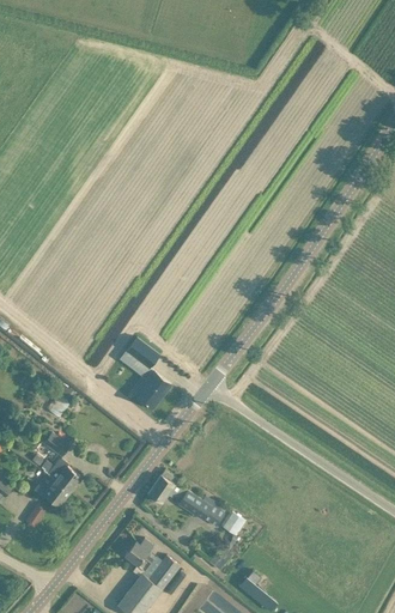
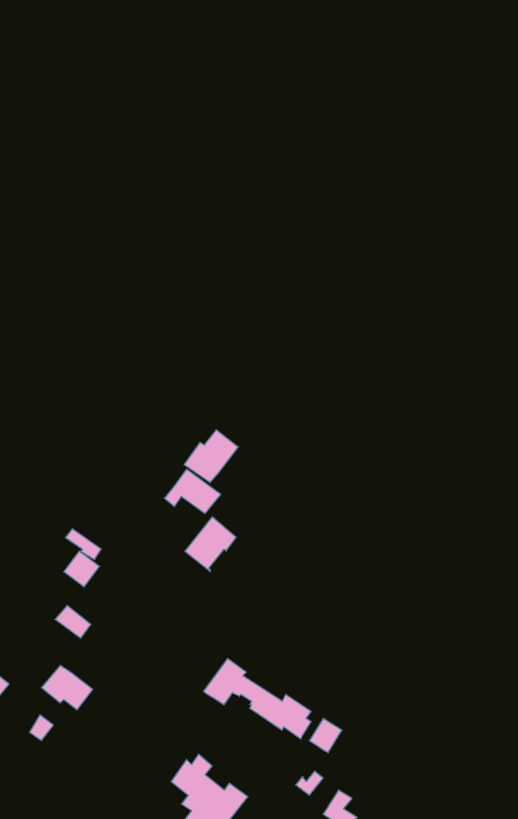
building: none -> [184,430,238,483]
building: [41,459,80,492] -> none

